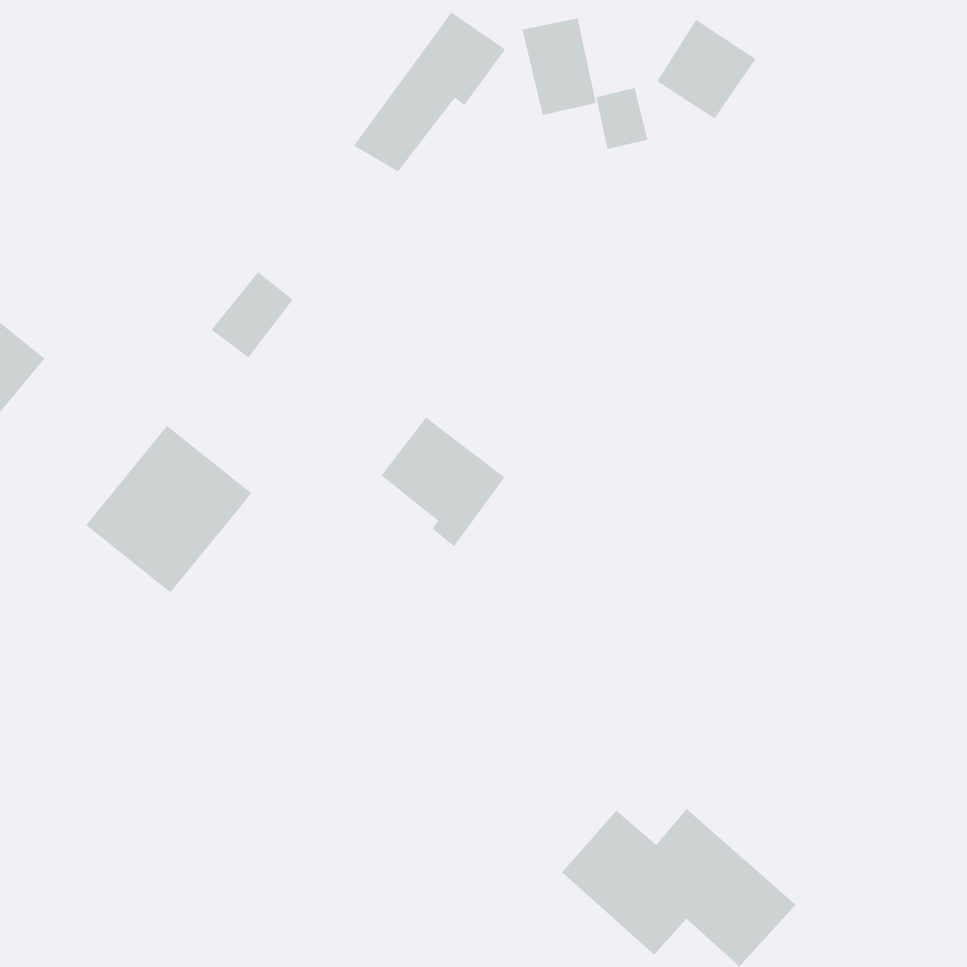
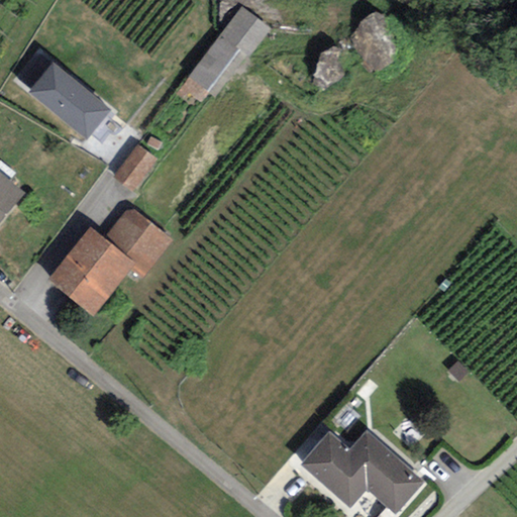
building: [522,18,597,116] -> none
building: none -> [26,61,110,140]
building: [380,417,506,547] -> [104,207,171,277]

